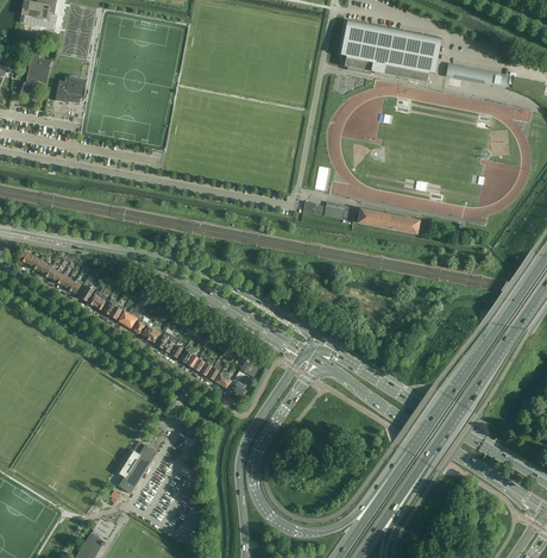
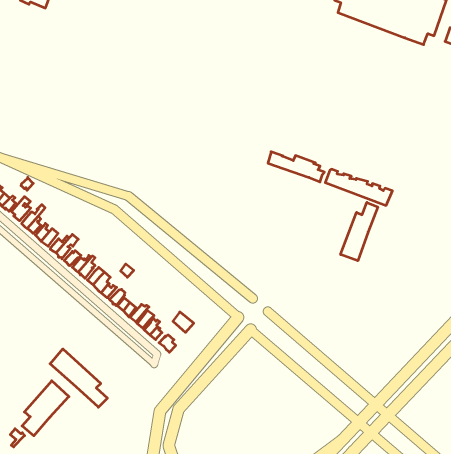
building: none -> [341,202,378,261]
building: none -> [50,349,107,407]

